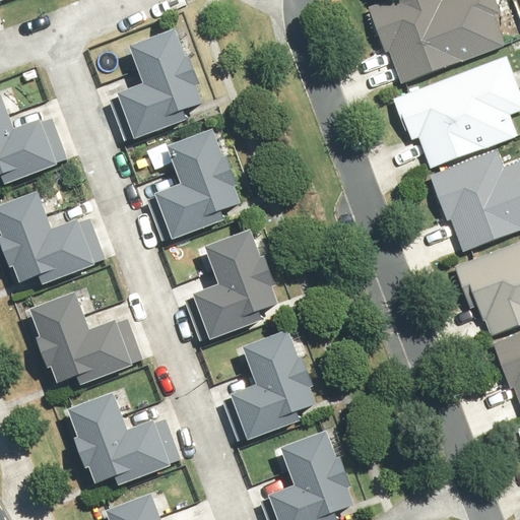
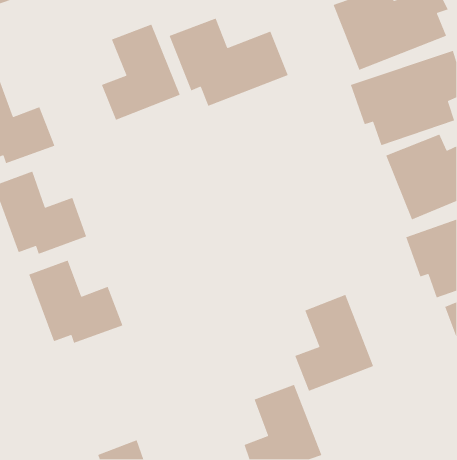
building: none -> [168,17,289,107]
building: [156,125,245,234] -> none
building: [194,235,282,343] -> none
building: [229,331,318,441] -> [294,294,374,392]
building: [68,392,174,486] -> none

